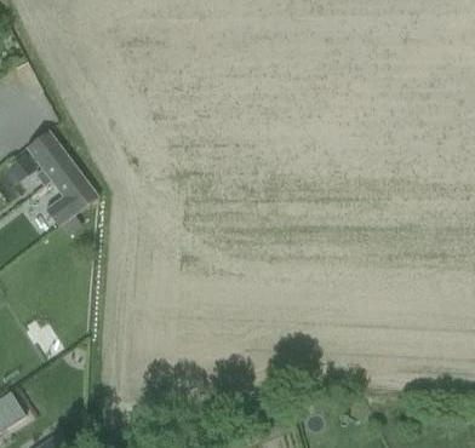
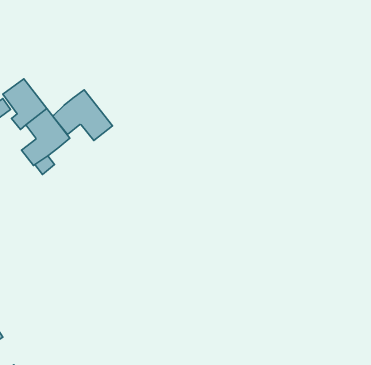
building: none -> [53,90,113,141]

